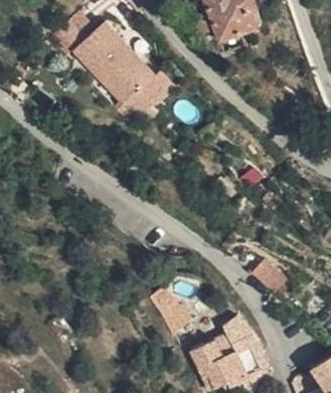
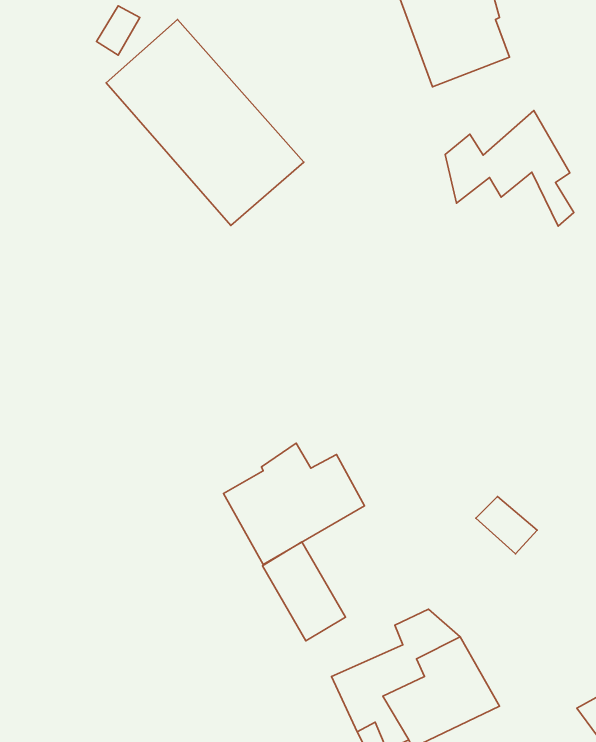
building: none -> [445,111,574,226]
building: none -> [224,443,364,565]

